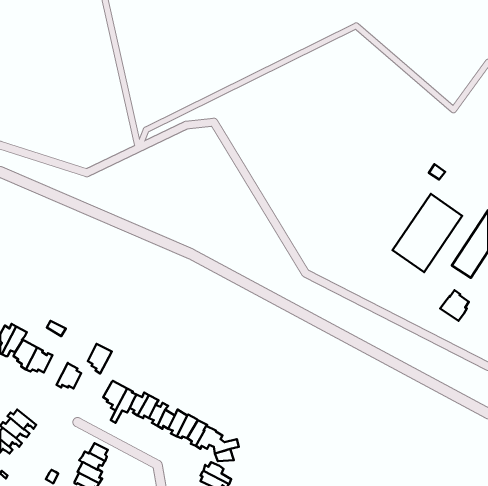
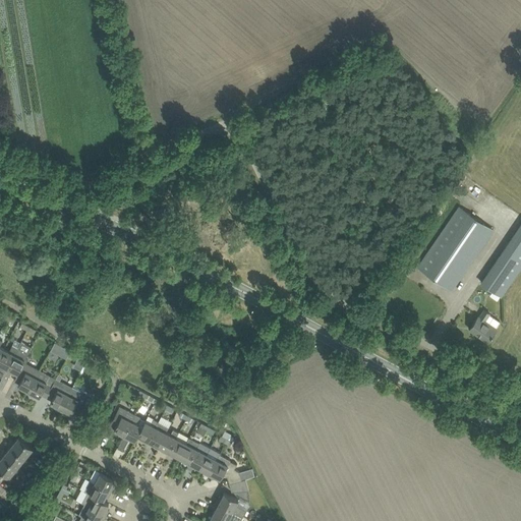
building: [88,344,112,373] -> [47,381,72,412]

